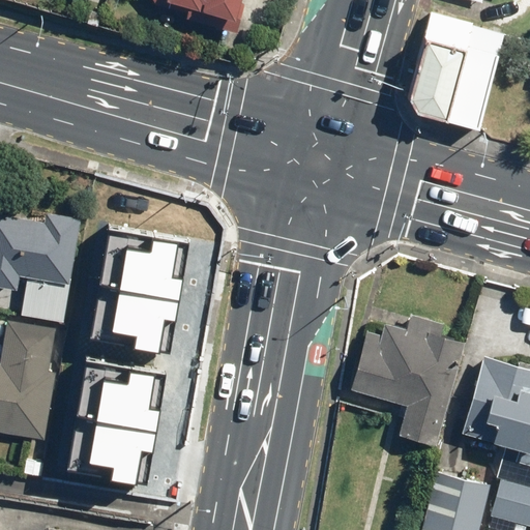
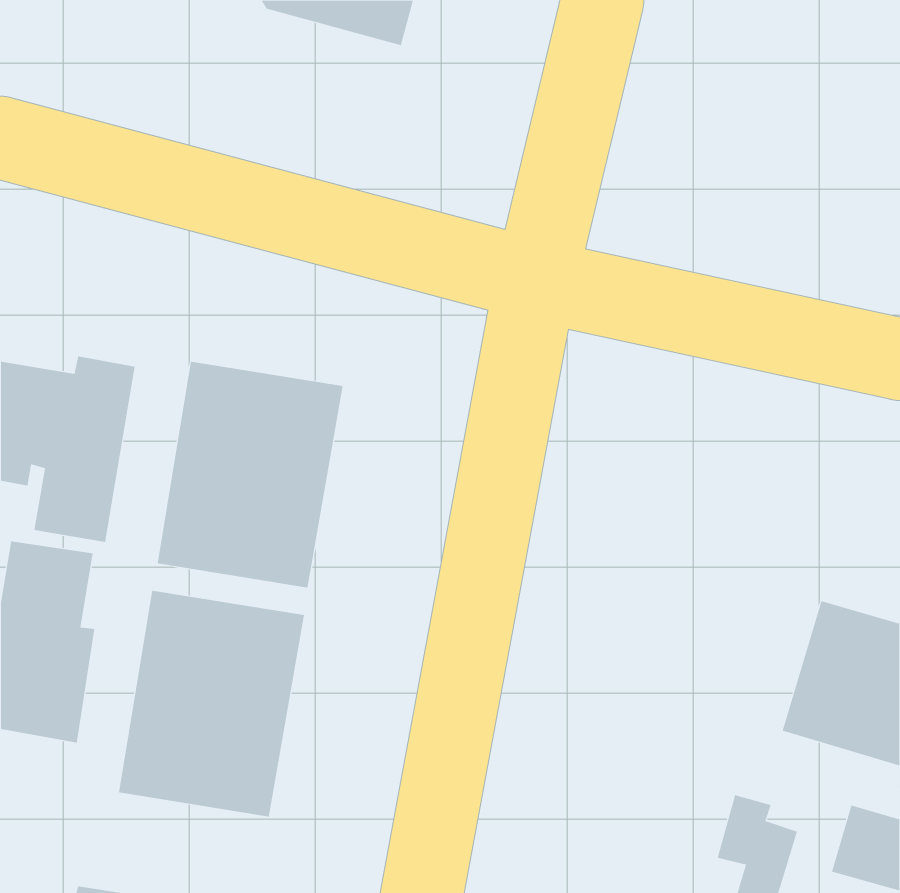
building: [409,21,501,130] -> none
building: [348,315,464,446] -> none

